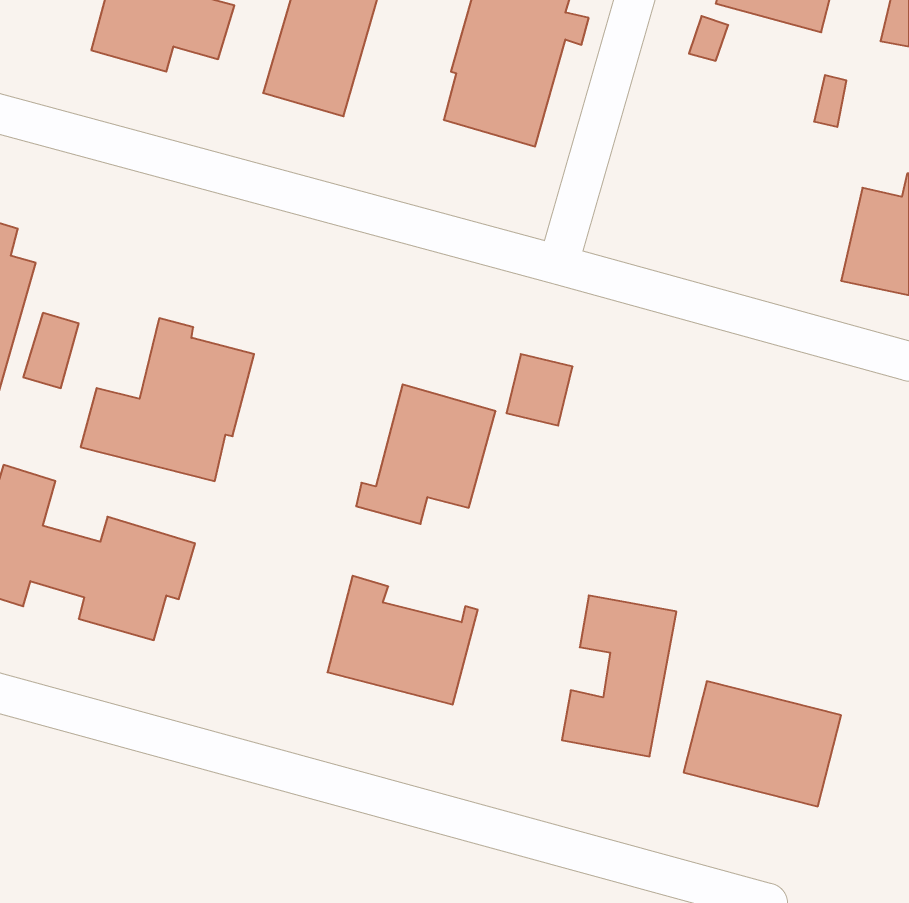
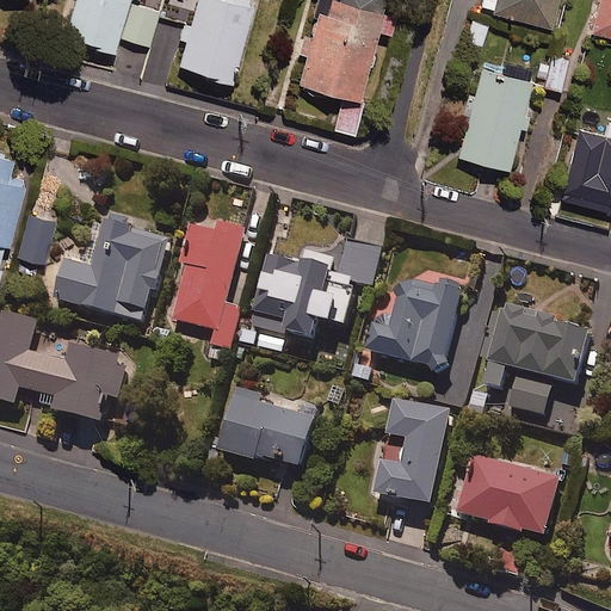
building: none -> [455,51,532,166]
building: none -> [168,218,245,347]
building: none -> [366,276,465,370]
building: none -> [482,303,591,414]

